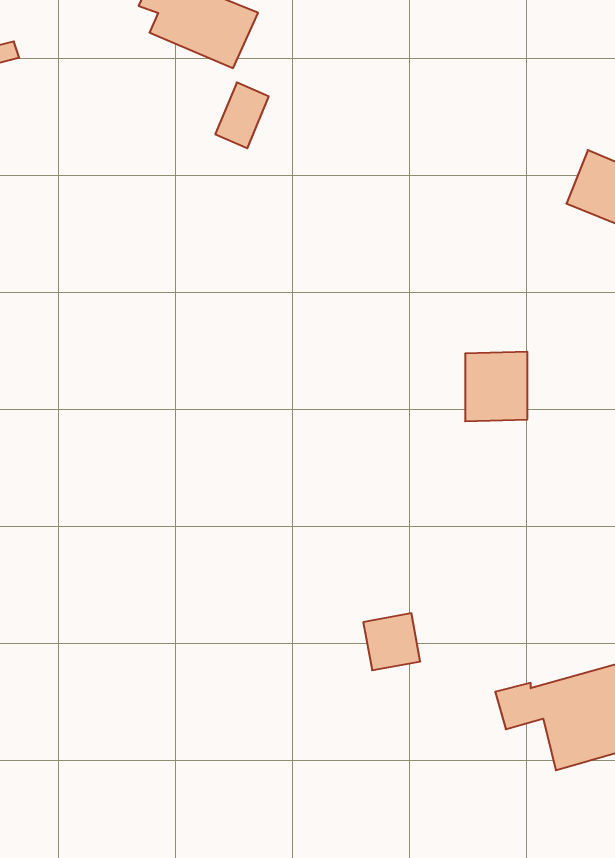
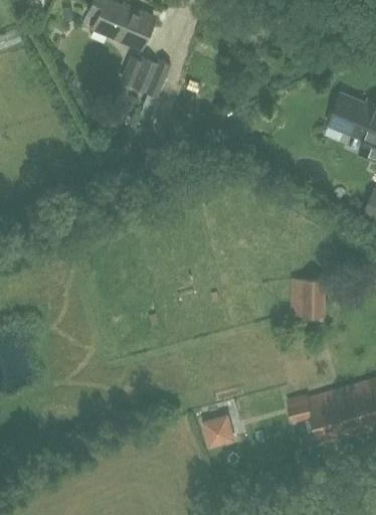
building: [465,352,527,421] -> [291,278,326,317]
building: [363,613,420,670] -> [203,413,235,446]

